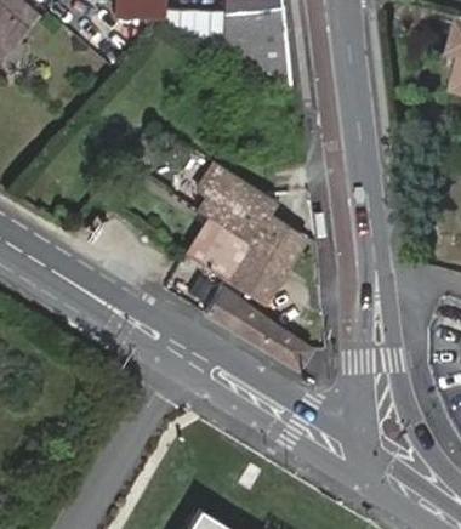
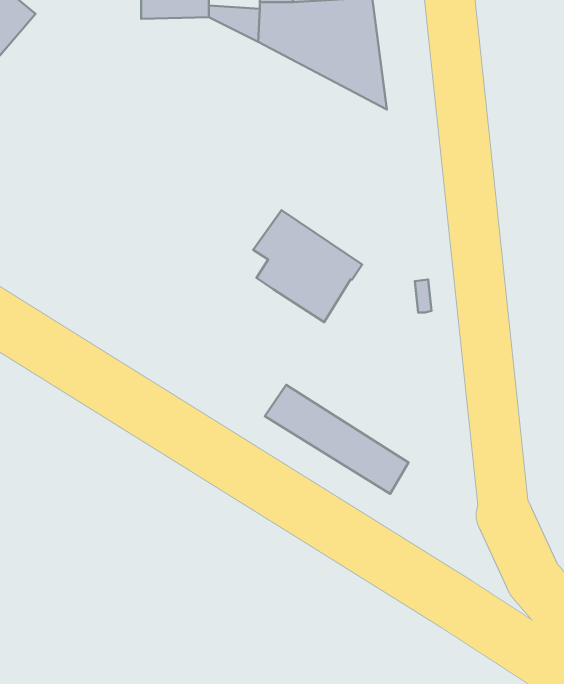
building: [188,210,305,301] -> none

